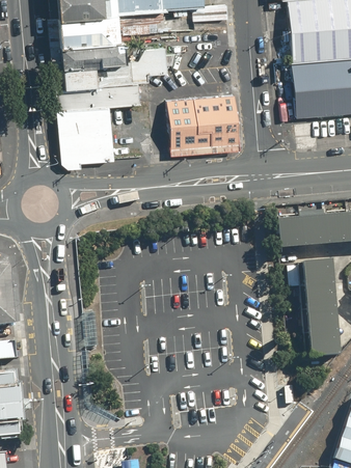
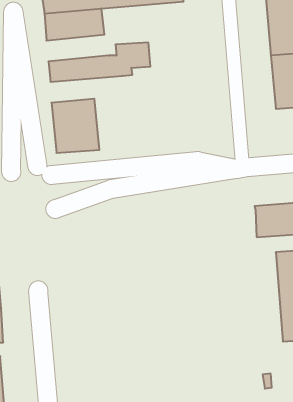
building: [60,38,125,66] -> none
building: [64,81,140,109] -> none
building: [167,94,239,155] -> none

